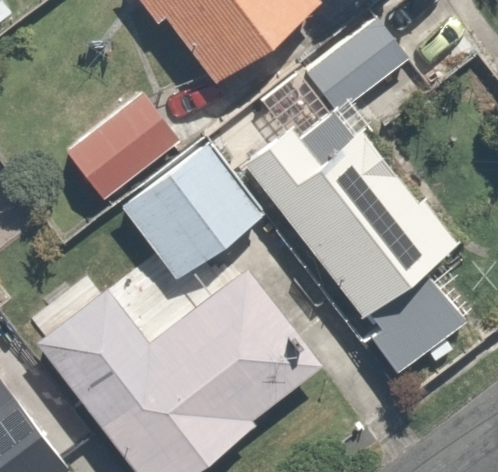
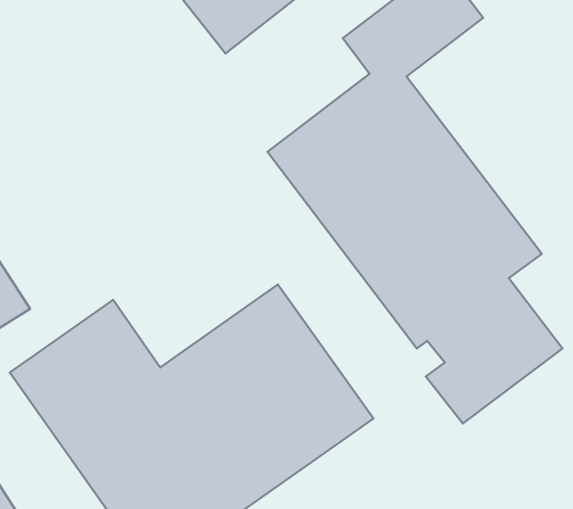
building: [71,93,179,198] -> none
building: [125,143,267,282] -> none

